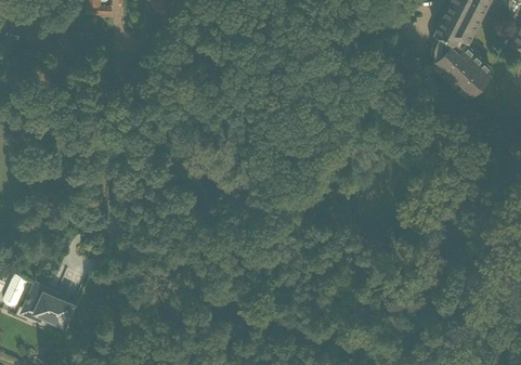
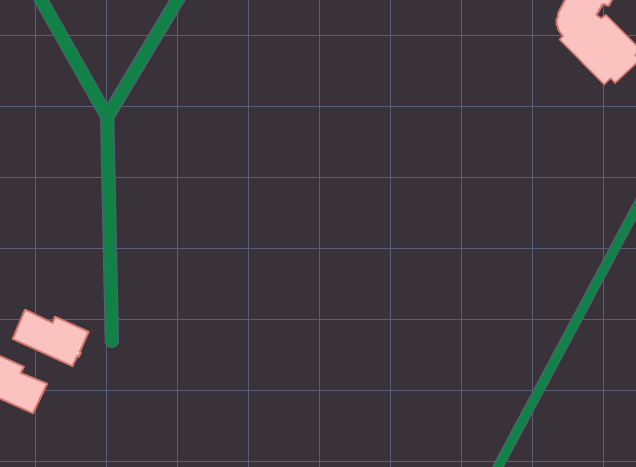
building: none -> [13,310,88,366]

